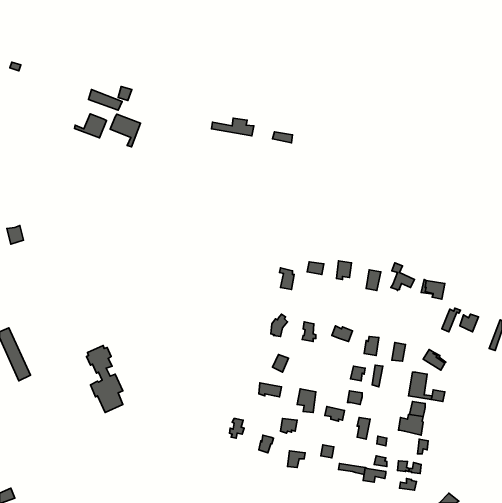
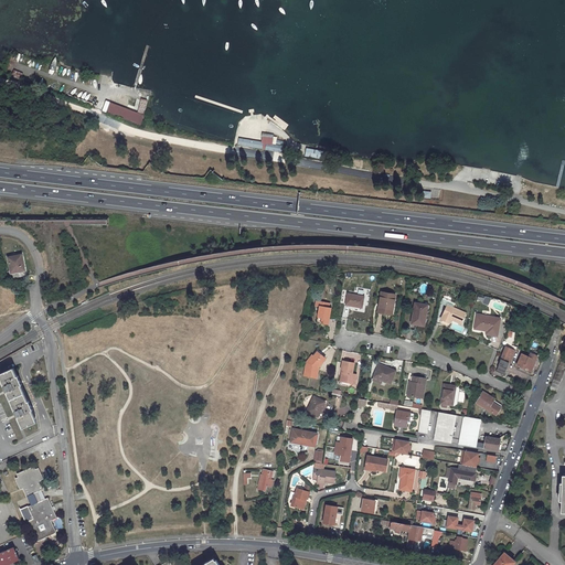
building: [74,114,106,138] -> none
building: [110,114,140,147] -> none
building: [87,346,123,413] -> [15,466,56,541]
building: none -> [433,413,455,443]

